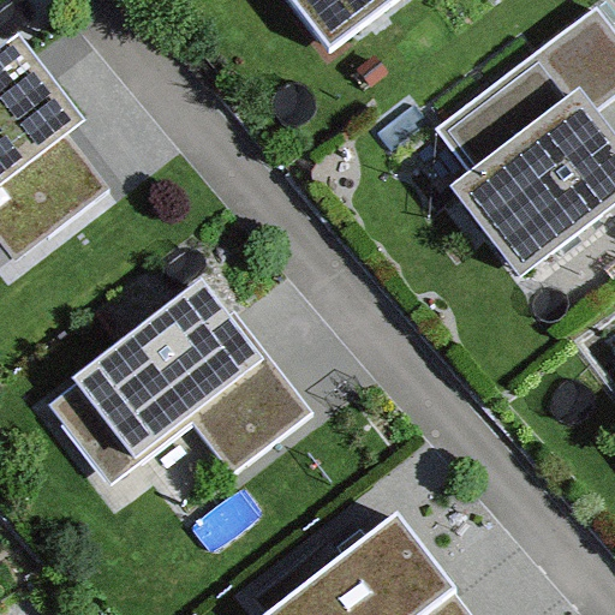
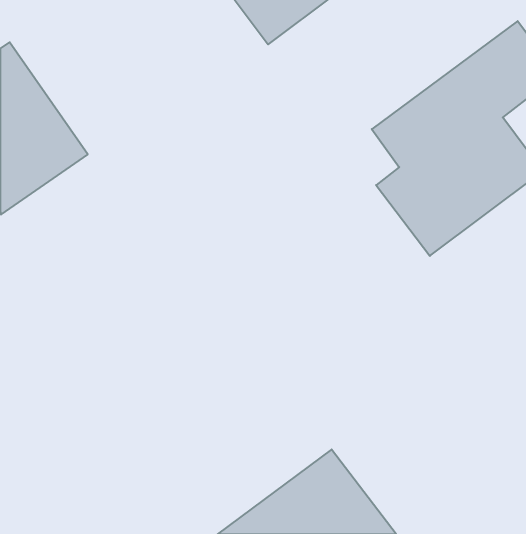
building: [58,291,311,473] -> none

